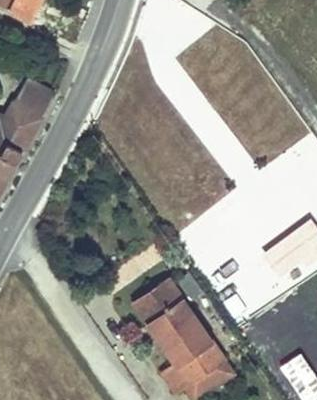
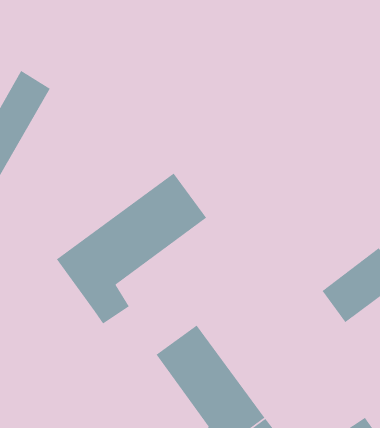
building: none -> [56,173,207,325]

